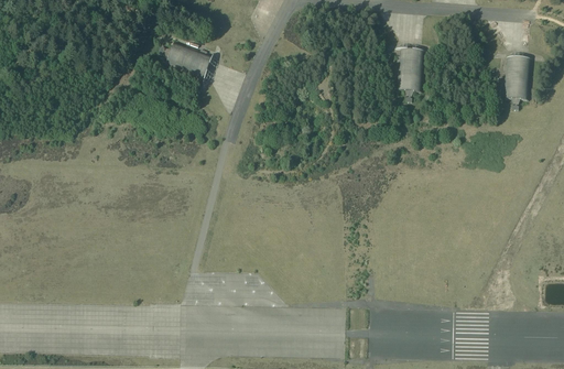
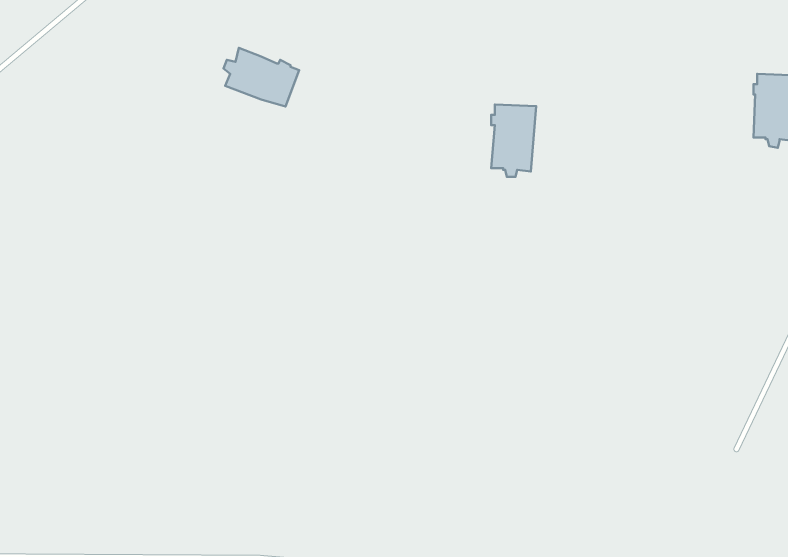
building: [395,50,424,96] -> [491,104,536,177]

